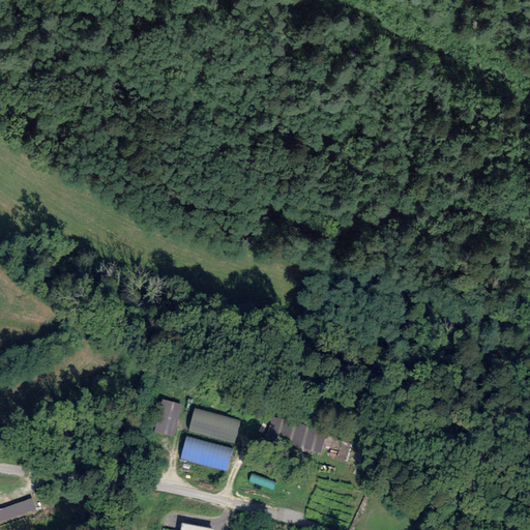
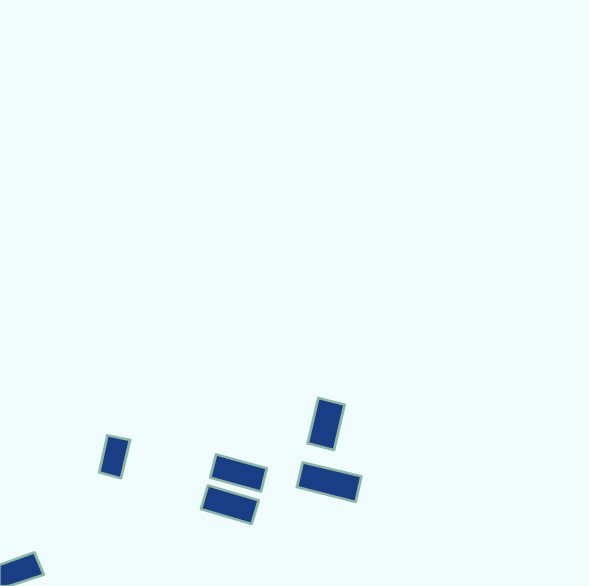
building: none -> [308,398,345,450]
building: [153,399,181,437] -> [99,435,130,478]

